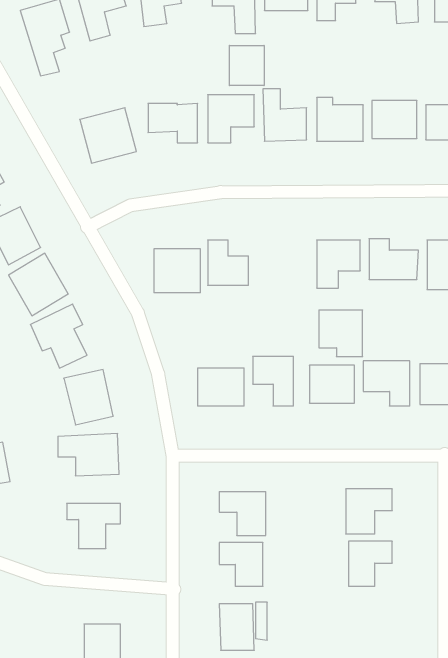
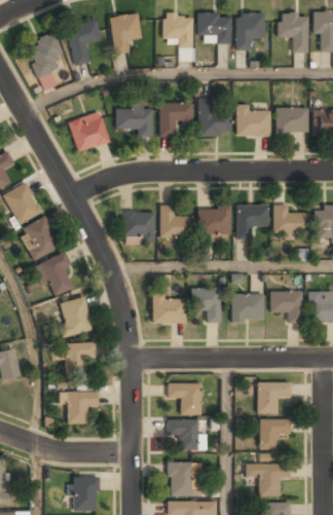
building: [229,45,264,86] -> none
building: [319,310,363,357] -> [198,208,229,241]
building: none -> [247,464,289,495]

